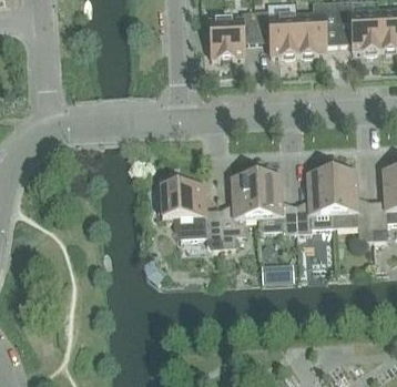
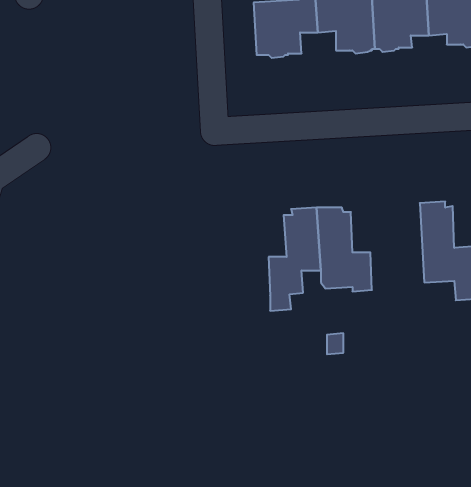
building: [295,167,335,232] -> none
building: [156,182,221,247] -> none

